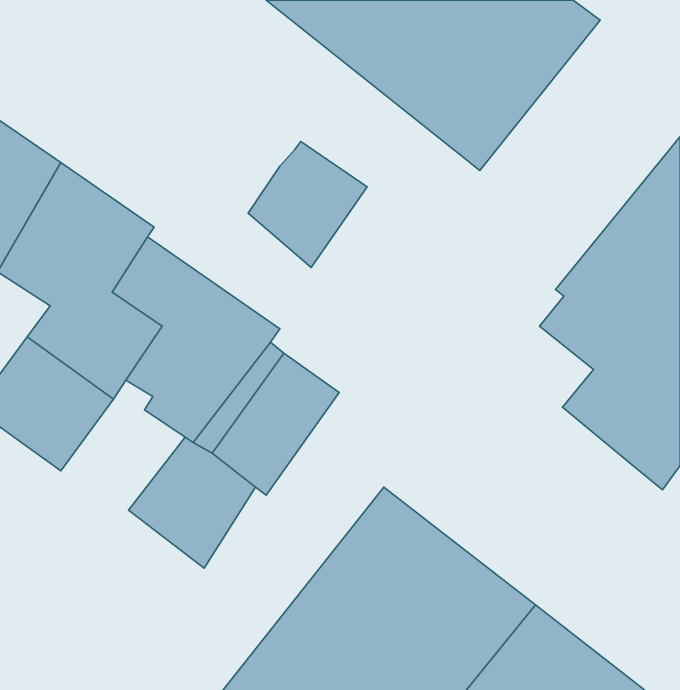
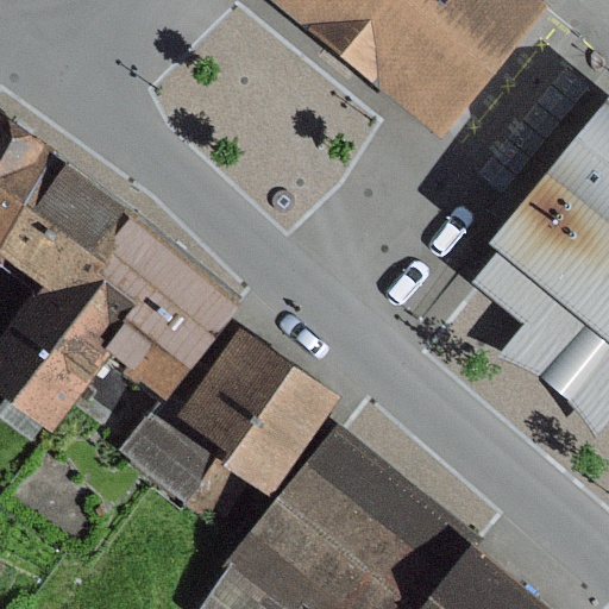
building: [248,142,367,268] -> none
building: none -> [180,346,345,526]

